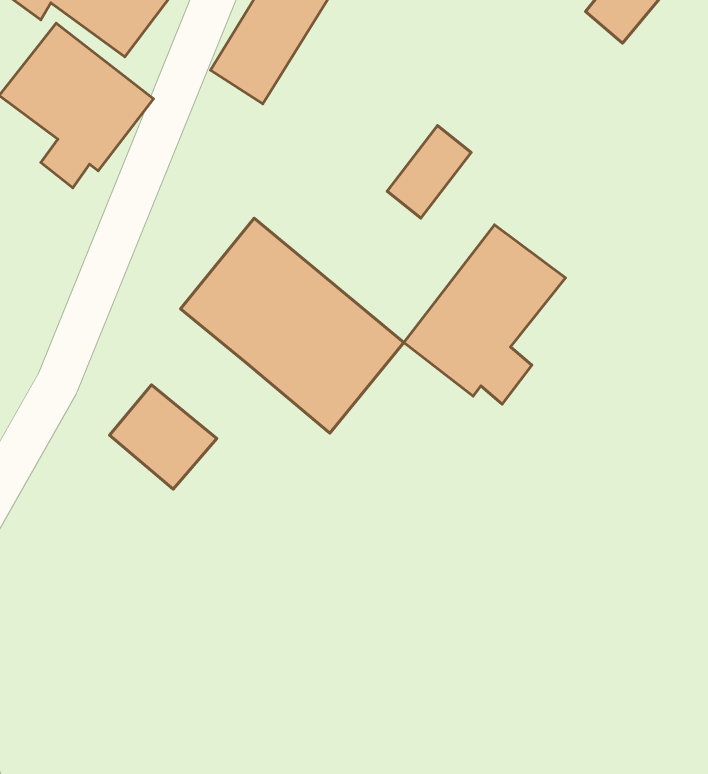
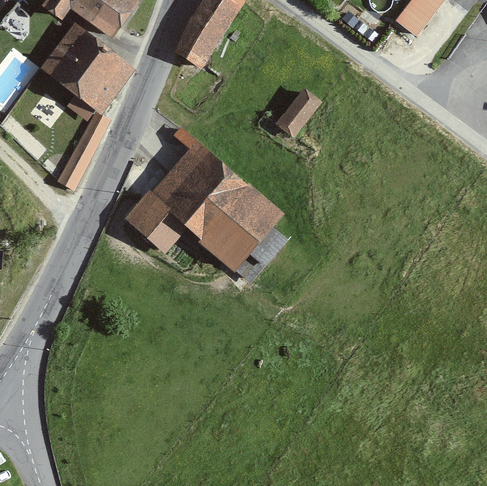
building: none -> [53,113,108,193]
building: [404,225,565,404] -> none
building: [109,385,217,489] -> [126,193,190,255]

